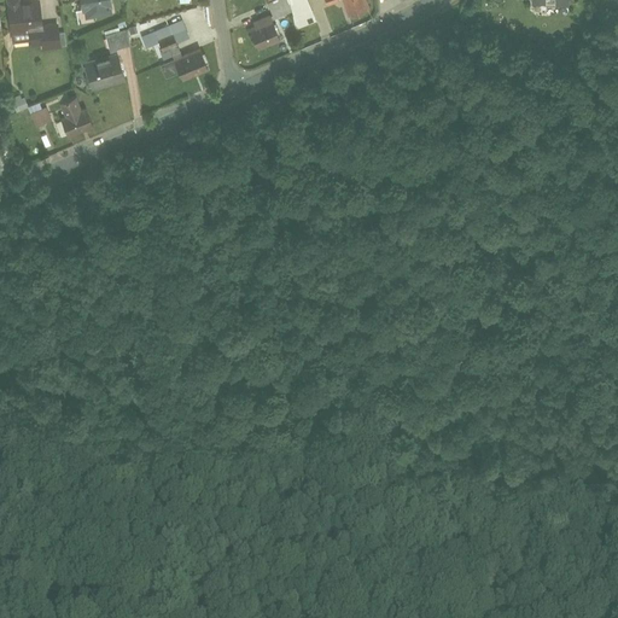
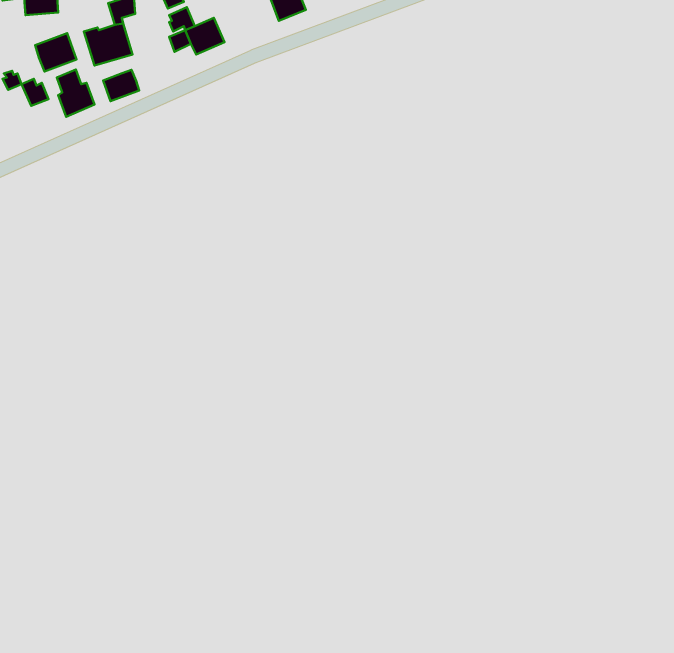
building: none -> [35,33,77,72]
building: none -> [103,70,139,101]

